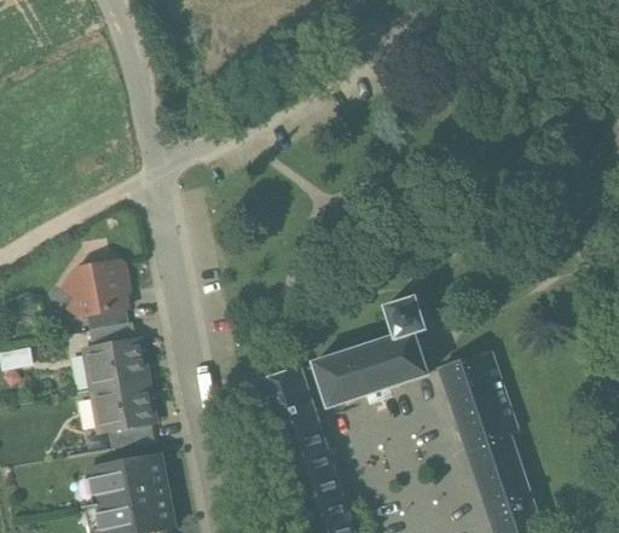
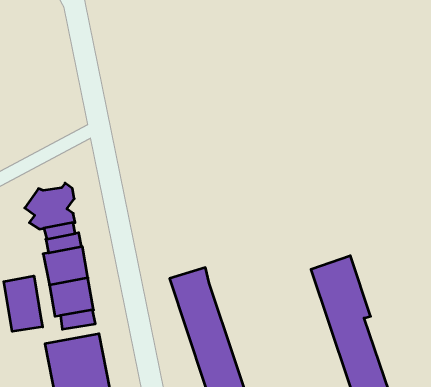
building: [313,296,427,406] -> none
building: none -> [4,276,43,331]

